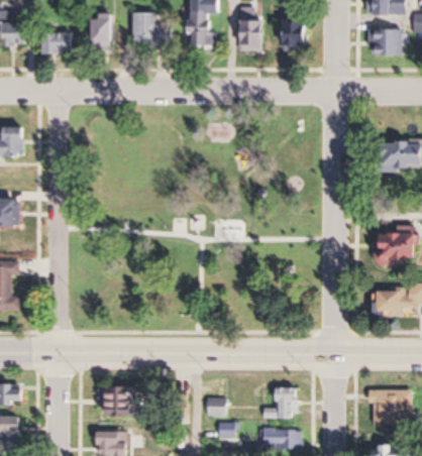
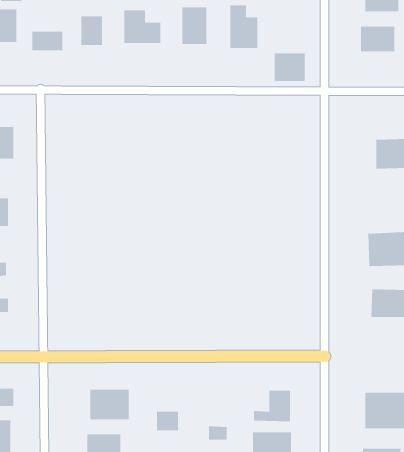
building: [279,19,310,47] -> [274,53,305,81]
building: [204,397,226,417] -> [156,411,179,431]

